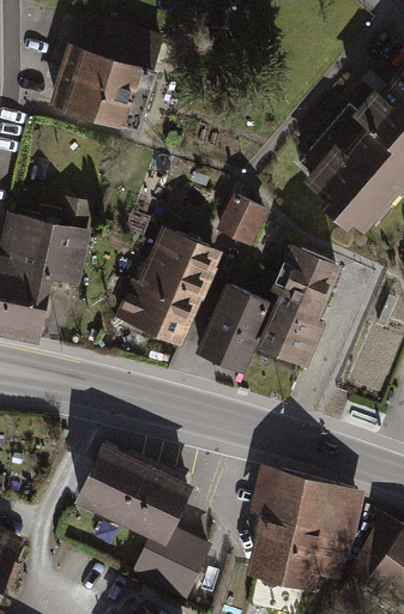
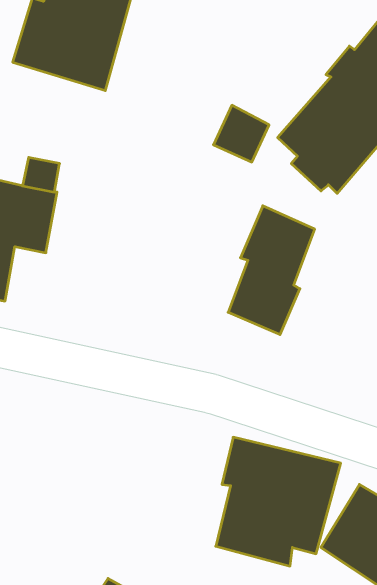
building: [215,193,269,248] -> [213,105,269,162]
building: [113,227,222,347] -> none
building: [194,283,270,374] -> none
building: [74,445,212,600] -> none

